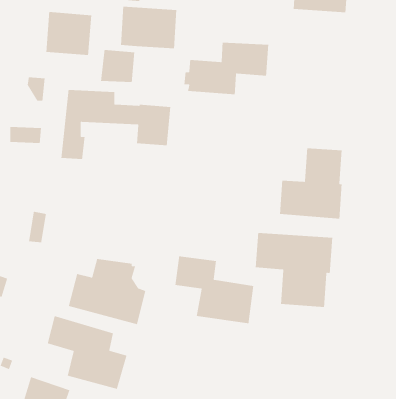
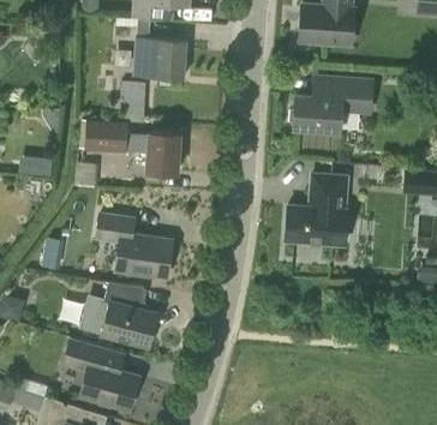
building: [46,11,92,56] -> none
building: [183,42,269,95] -> [289,79,372,131]
building: [255,232,333,308] -> none
building: [175,256,254,324] -> [95,211,172,277]

